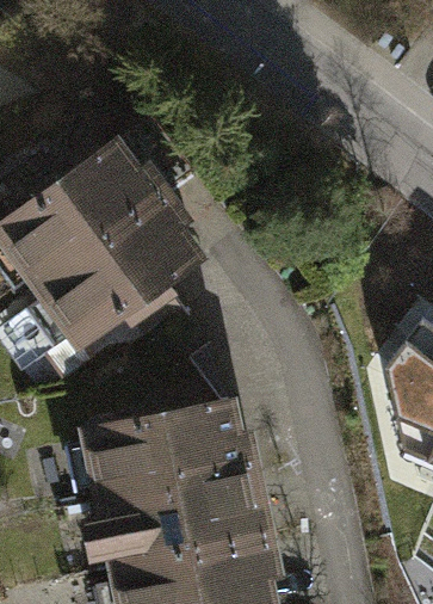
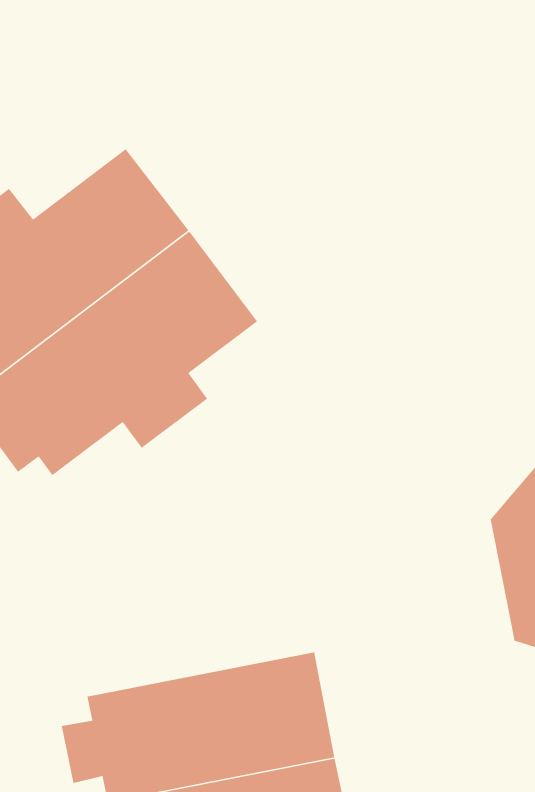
building: [68,397,261,503] -> none

